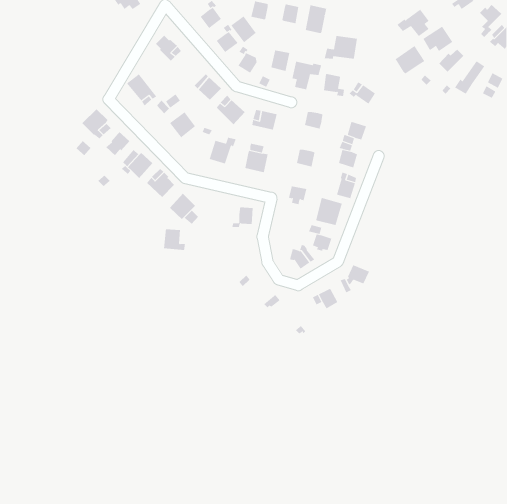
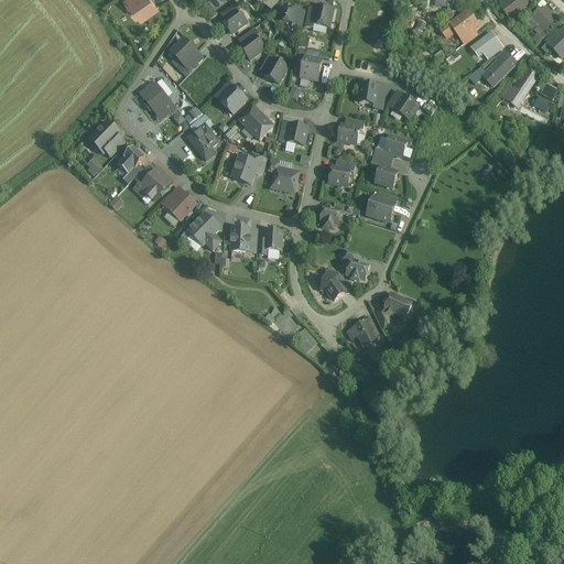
building: [305,5,327,34] -> none
building: [230,16,256,43] -> none
building: [324,35,358,60] -> none
building: [395,45,425,74] -> none
building: [292,61,322,90] -> none
building: [315,197,342,226] -> none
building: [163,229,186,251] -> [230,227,256,251]

